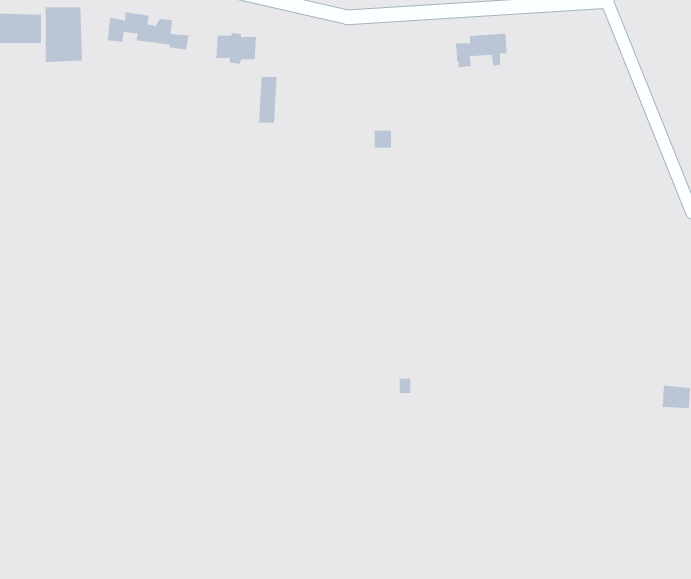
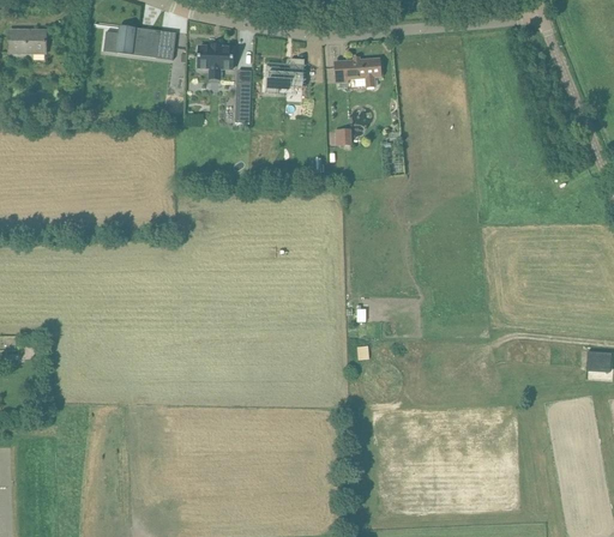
building: [45,7,82,63] -> none
building: [455,33,508,68] -> [335,58,380,88]
building: none -> [265,58,305,91]

